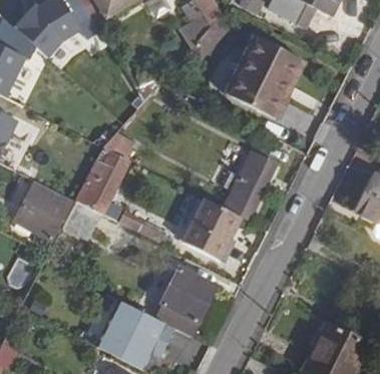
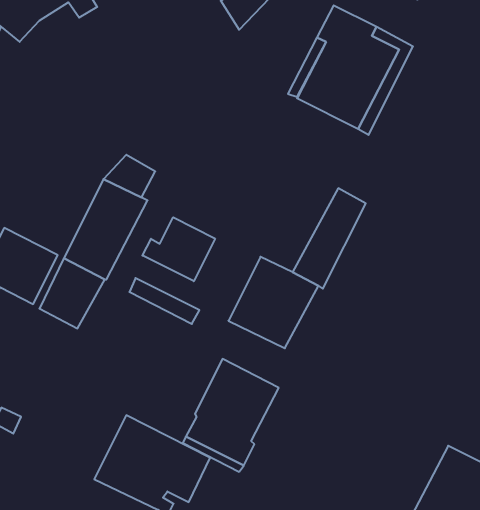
building: none -> [142,217,215,281]

